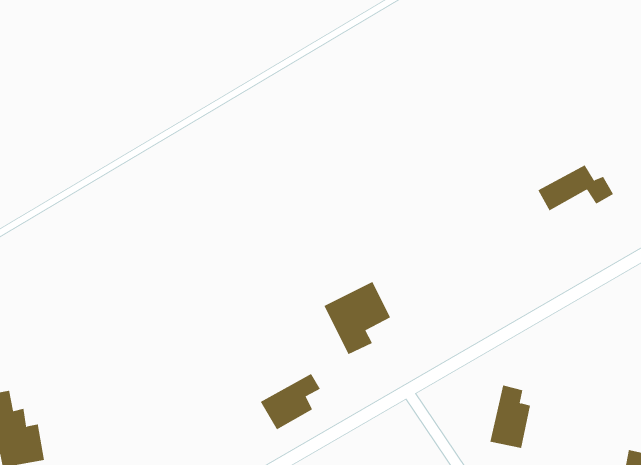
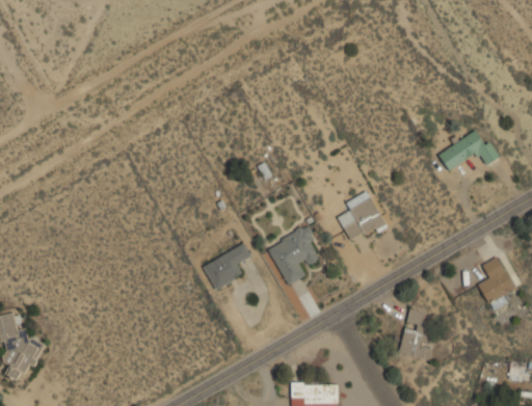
building: none -> [337,191,384,242]
building: none -> [477,256,514,308]
building: [260,373,321,430] -> [202,244,250,290]

